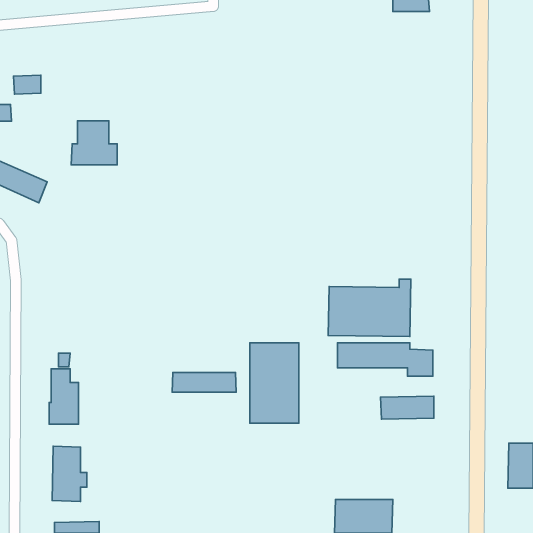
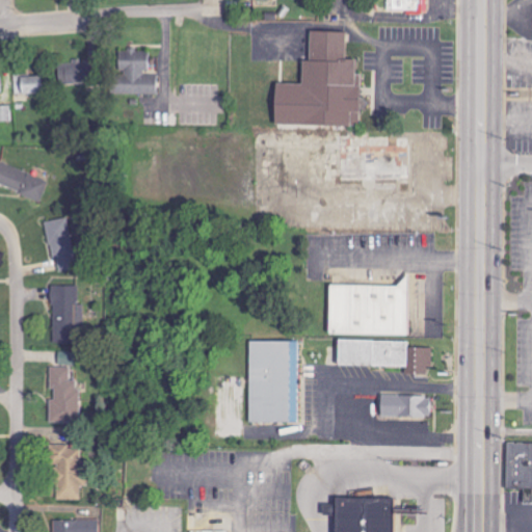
building: none -> [271,31,362,127]
building: none -> [57,61,90,83]
building: [71,121,117,165] -> [111,50,157,94]
building: none -> [45,217,77,272]
building: none -> [52,286,86,344]
building: [172,372,236,392] -> none

